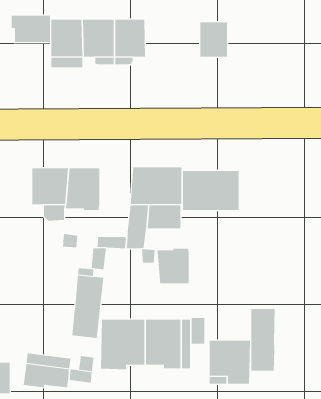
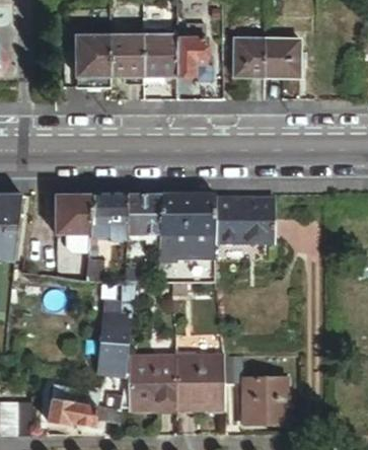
building: [11,15,51,43] -> none
building: none -> [175,38,206,76]
building: none -> [264,39,299,77]
building: none -> [128,193,162,233]
building: [156,248,189,284] -> none
building: [251,308,275,372] -> none

